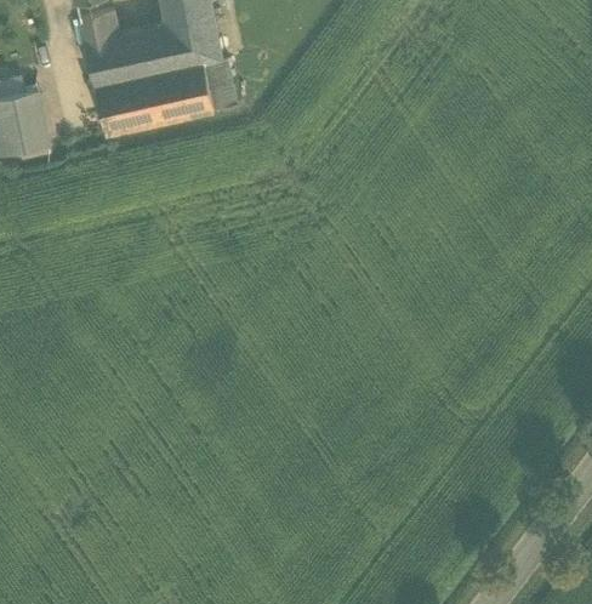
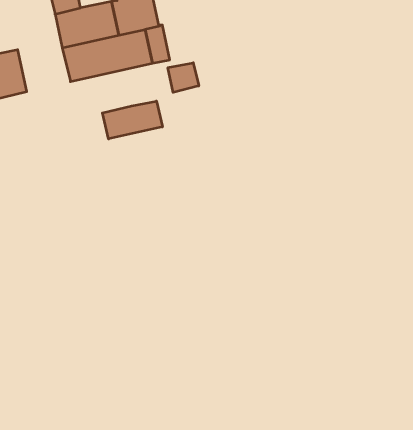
building: none -> [168,63,199,92]
building: none -> [102,101,162,139]

